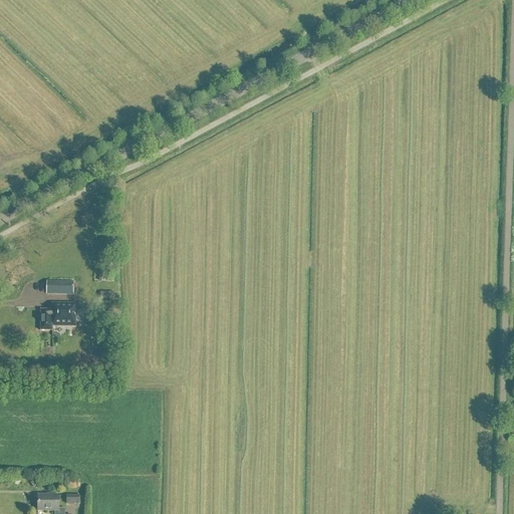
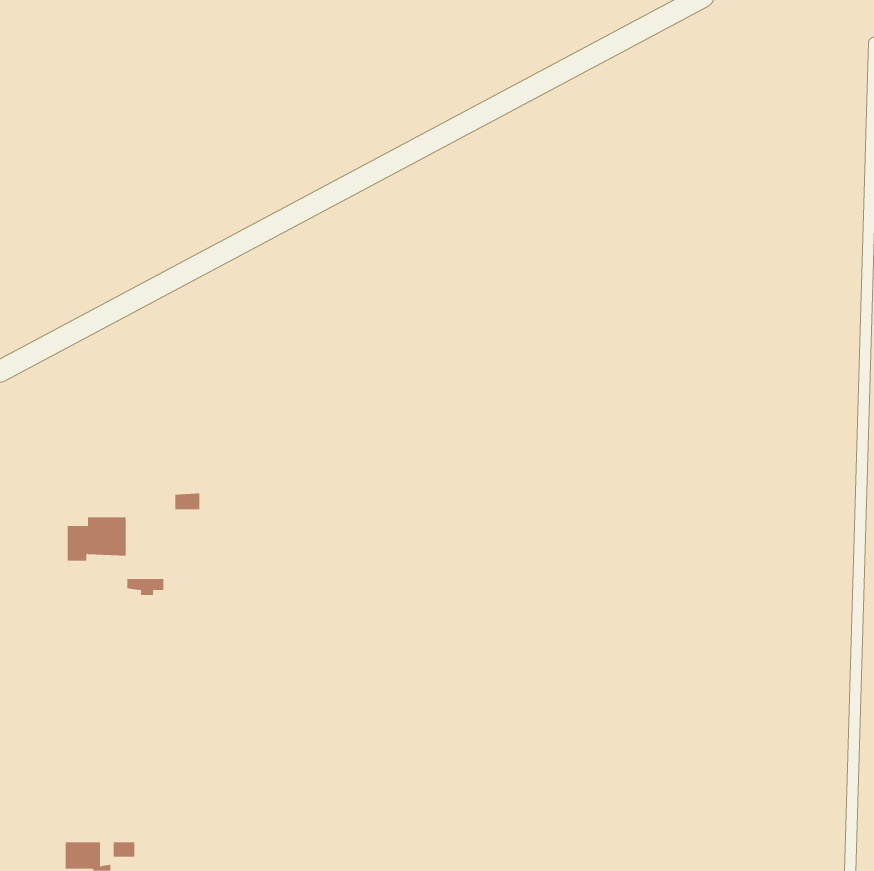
building: [45,280,73,294] -> none

